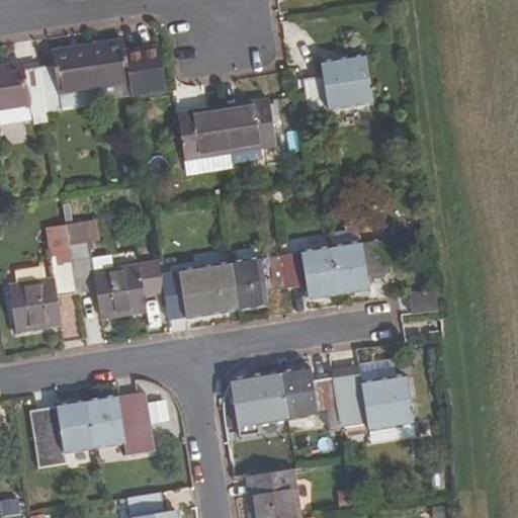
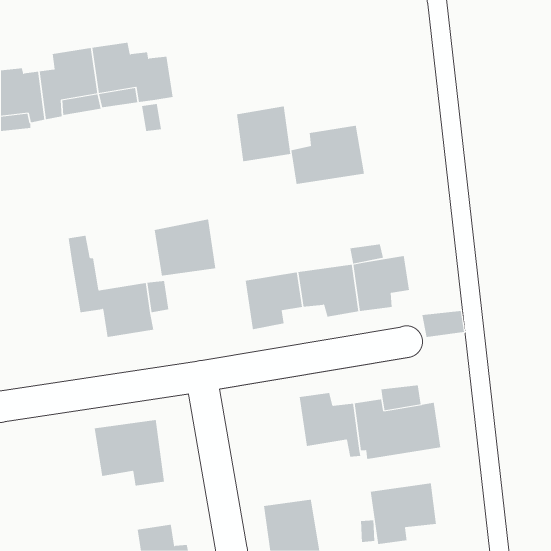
building: [301,56,371,111] -> [291,125,365,185]
building: [176,107,228,159] -> none
building: [10,245,75,330] -> none
building: [178,263,237,317] -> [154,219,216,276]
building: [233,372,287,426] -> none
building: [29,402,95,467] -> none
building: none -> [370,483,436,545]

